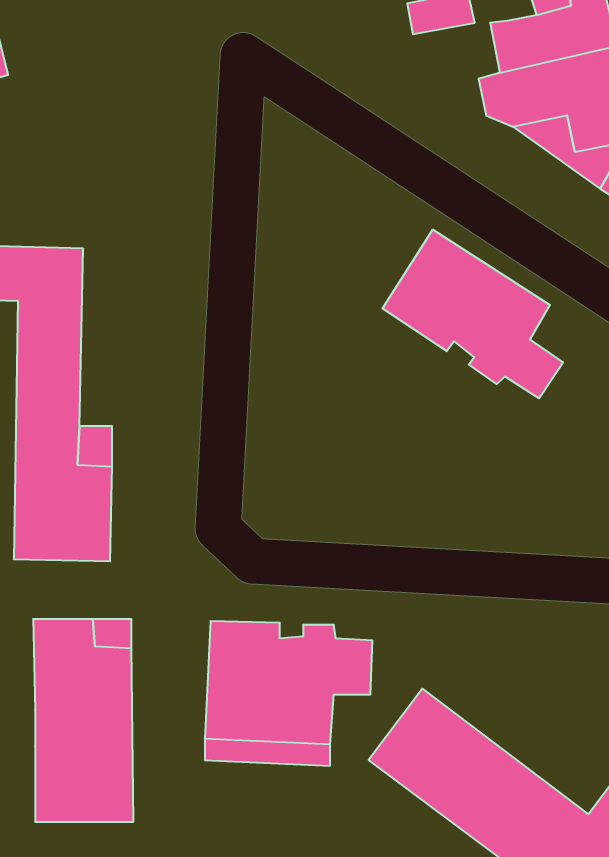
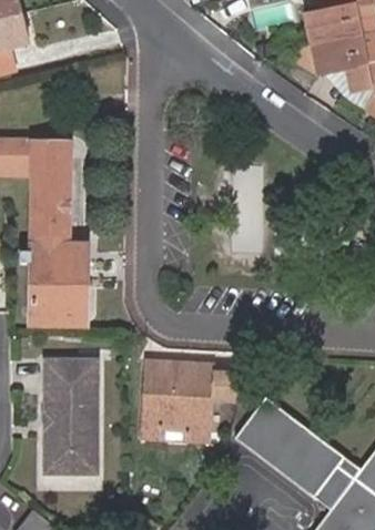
building: [383,230,563,398] -> none

